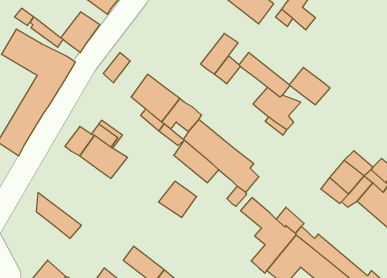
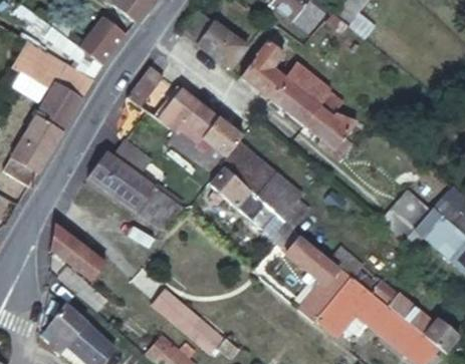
building: none -> [179,9,249,70]
building: [289,67,330,105] -> [271,81,318,124]
building: [158,181,197,218] -> [138,187,182,229]

